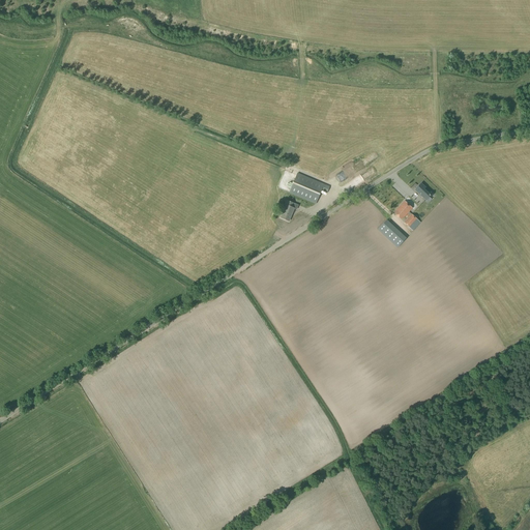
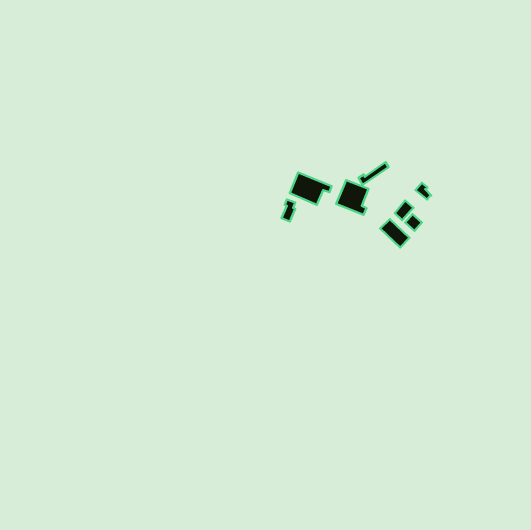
building: none -> [336,180,368,215]

